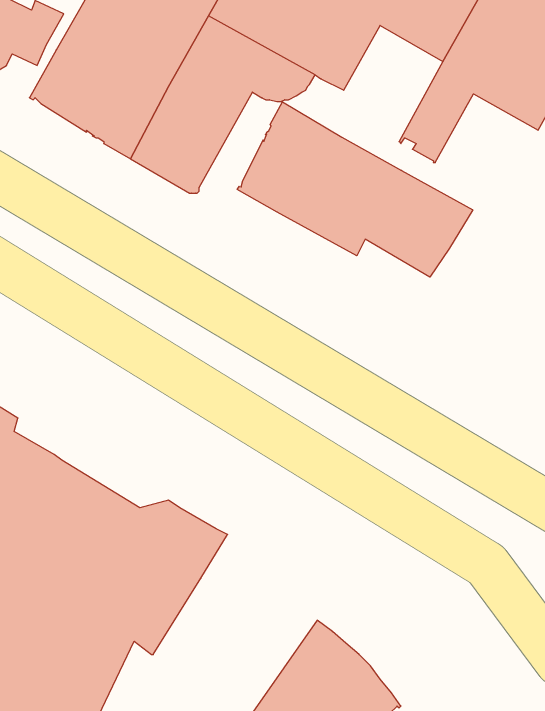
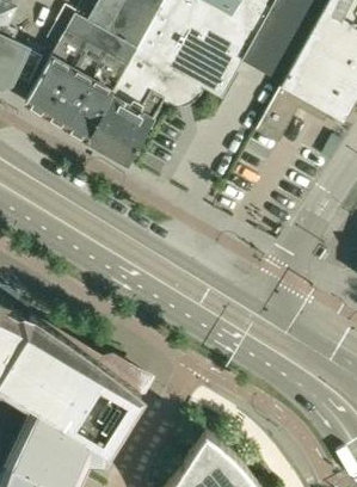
building: [237,102,473,277] -> none

